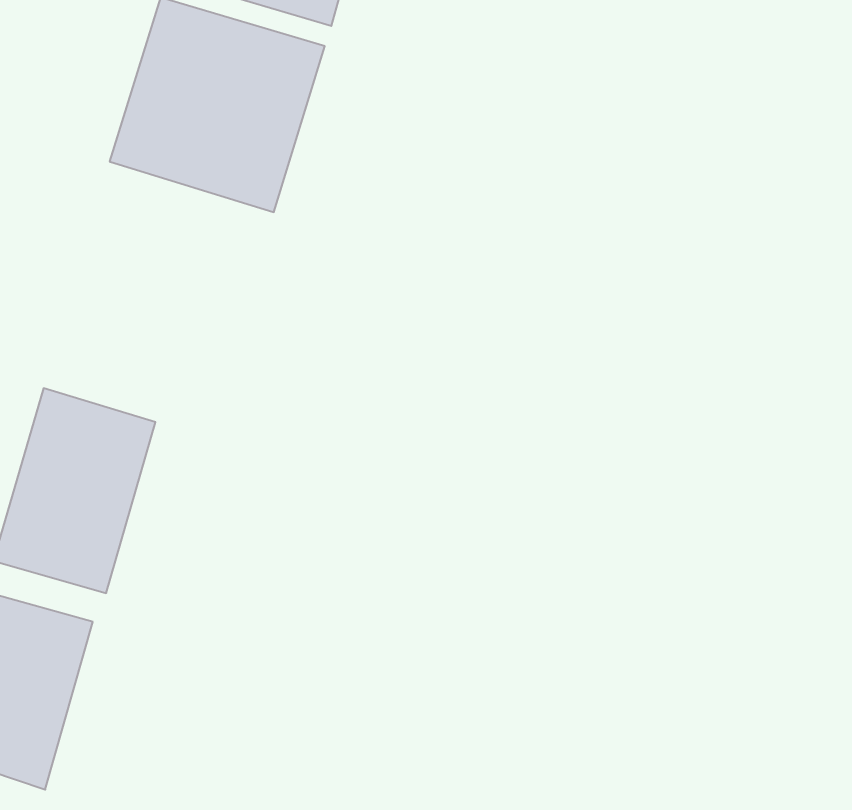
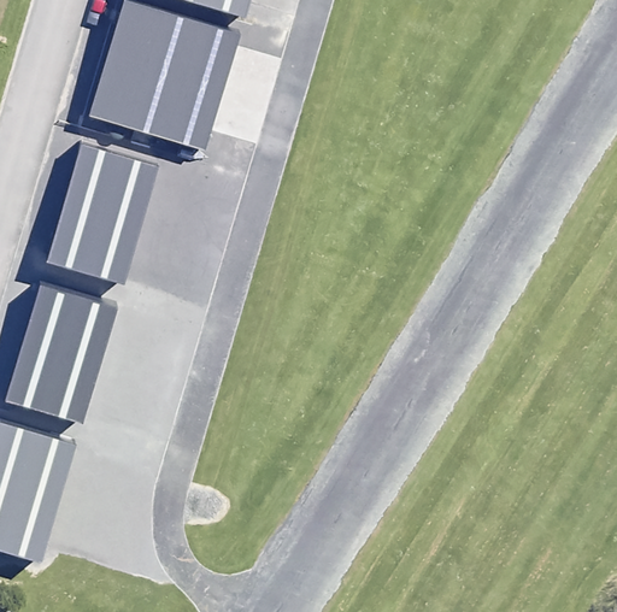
building: none -> [49,134,161,273]

